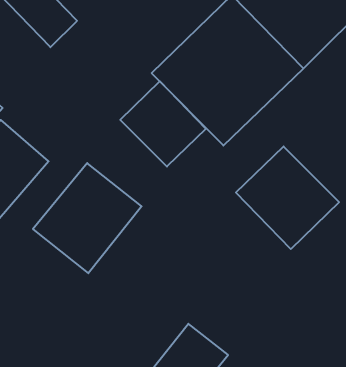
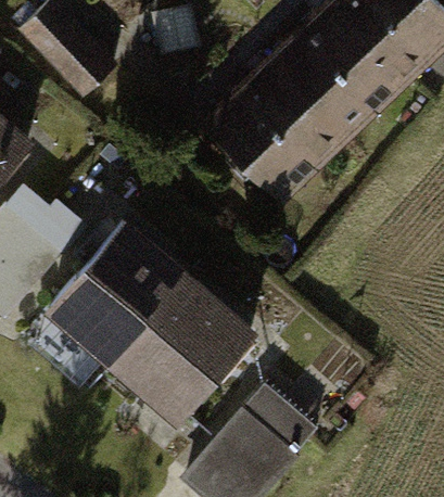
building: [120,81,206,167] -> none
building: [236,146,339,249] -> none
building: none -> [125,281,253,411]

